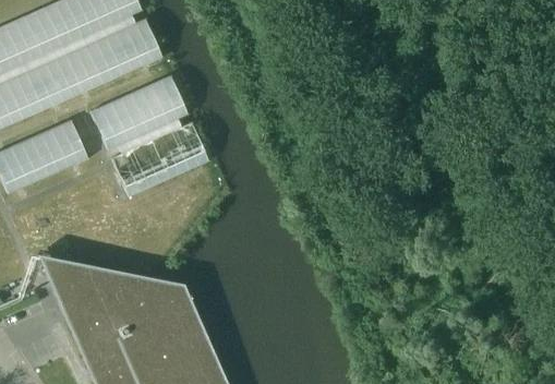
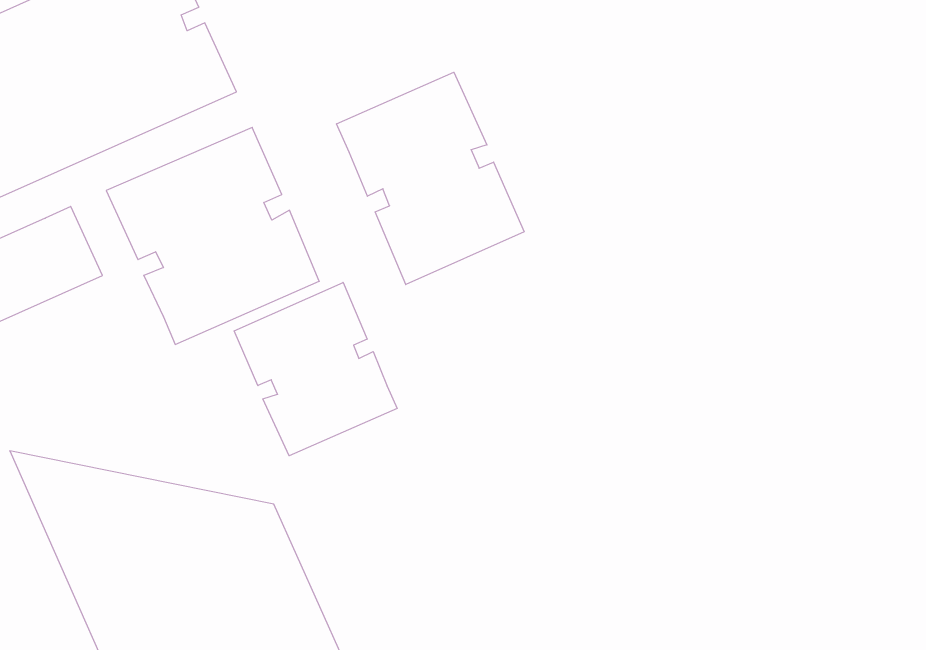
building: none -> [337,72,524,285]
building: none -> [234,282,397,456]

